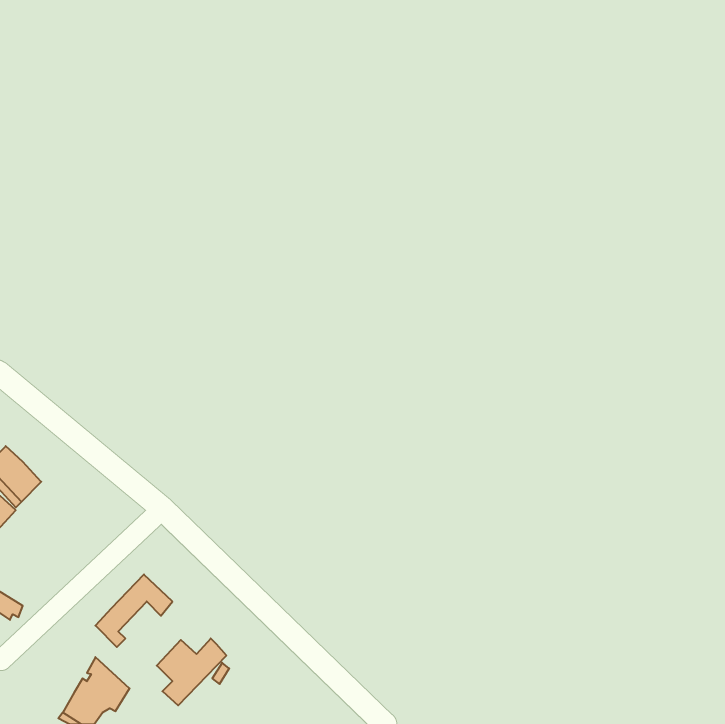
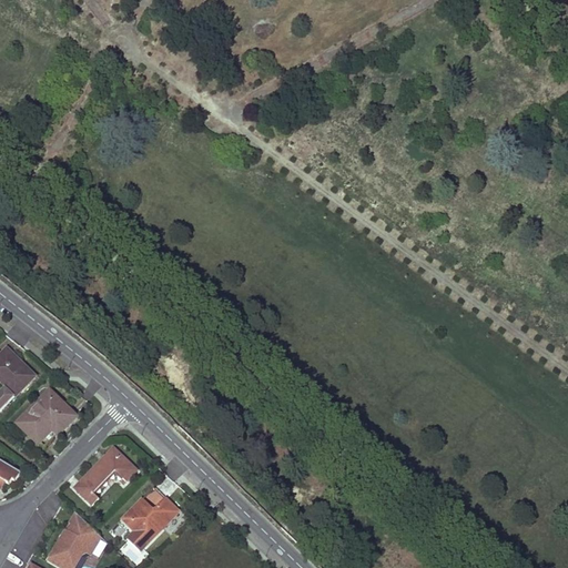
building: none -> [17,389,72,446]

